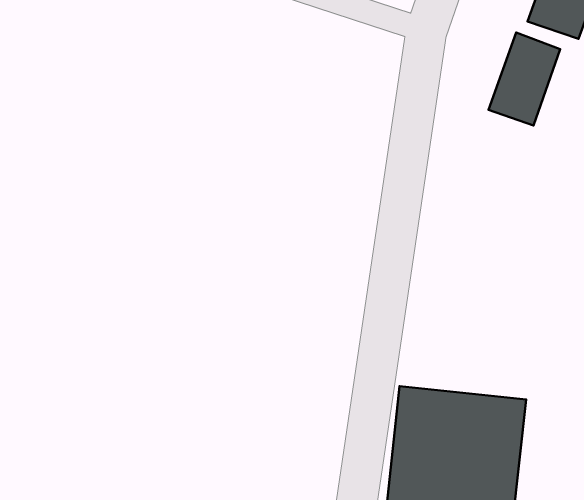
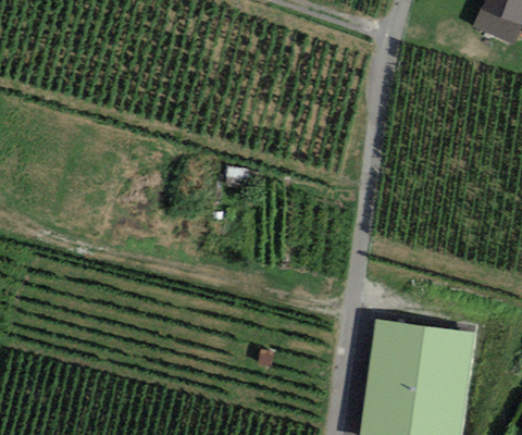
building: [488,33,560,125] -> none

